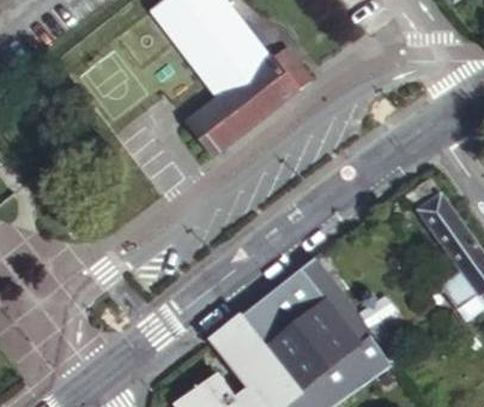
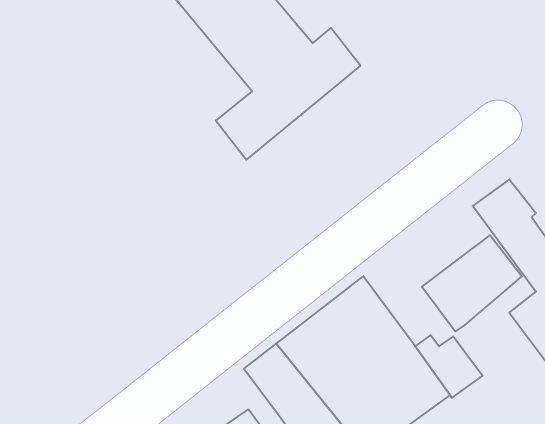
building: none -> [422,235,522,331]

